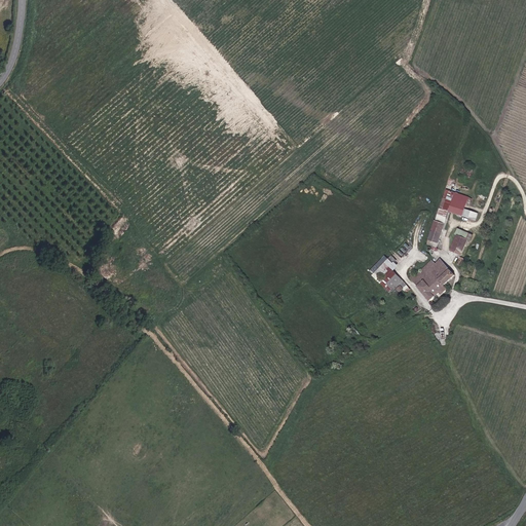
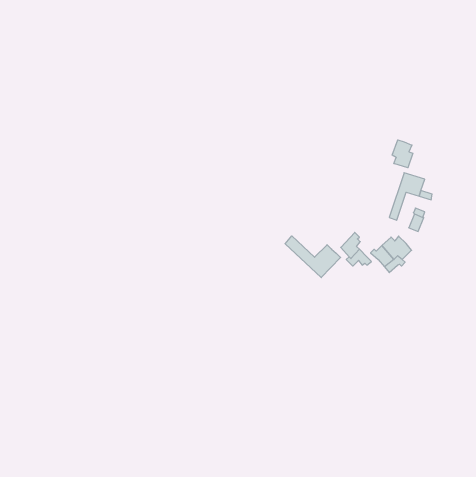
building: none -> [392,140,413,168]
building: none -> [285,236,341,278]

